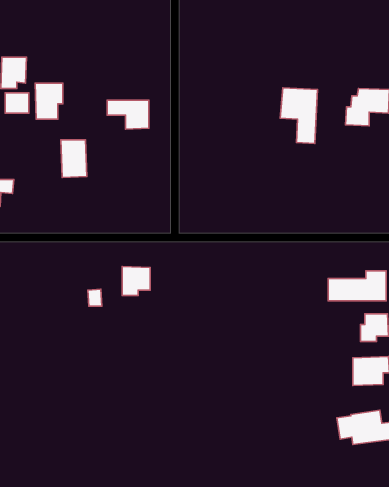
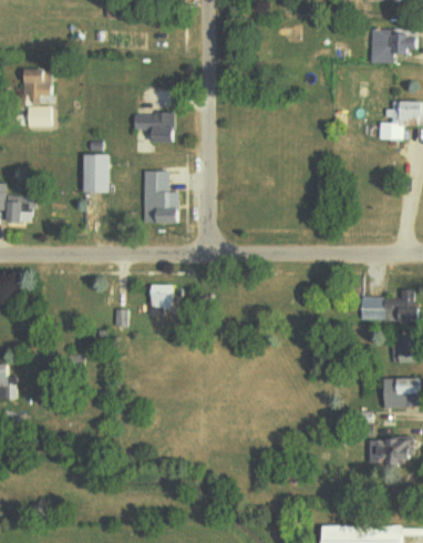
building: none -> [368,29,415,63]
building: [35,83,63,119] -> none
building: [280,88,317,143] -> none
building: none -> [142,171,180,223]

